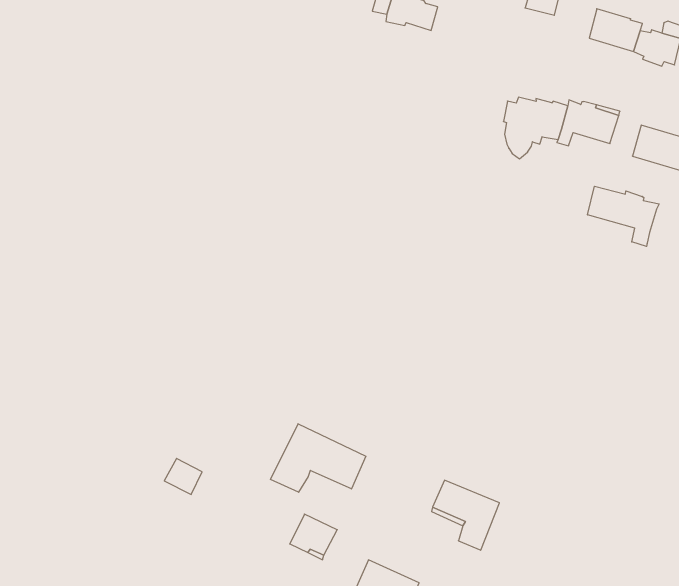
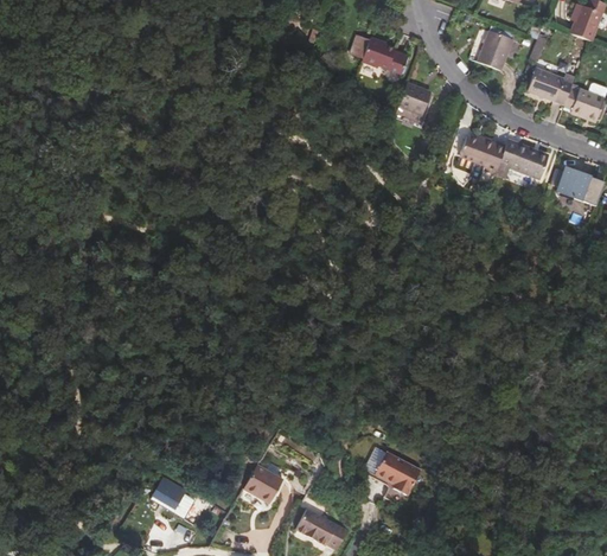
building: none -> [398,81,430,114]
building: [588,186,659,246] -> none
building: [271,424,366,492] -> none
building: [164,458,202,494] -> [154,475,186,506]

